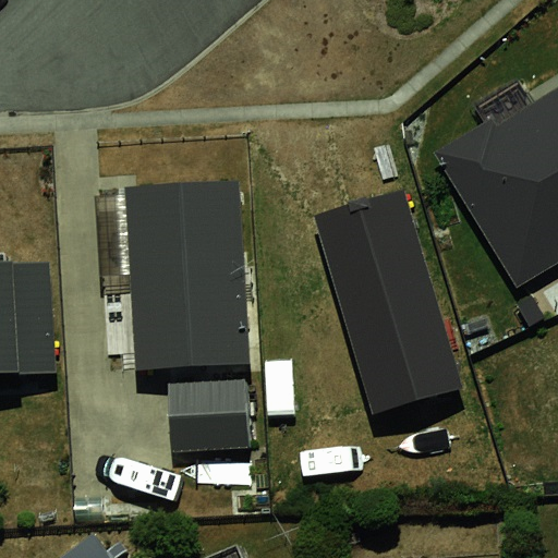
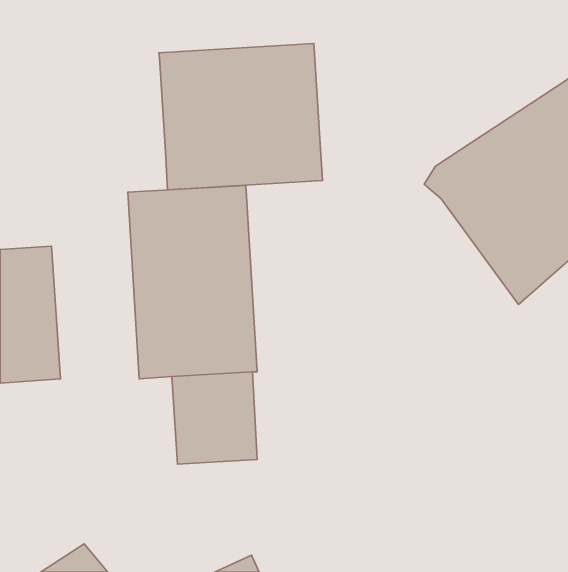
building: none -> [159,43,323,190]
building: [306,187,452,418] -> none

